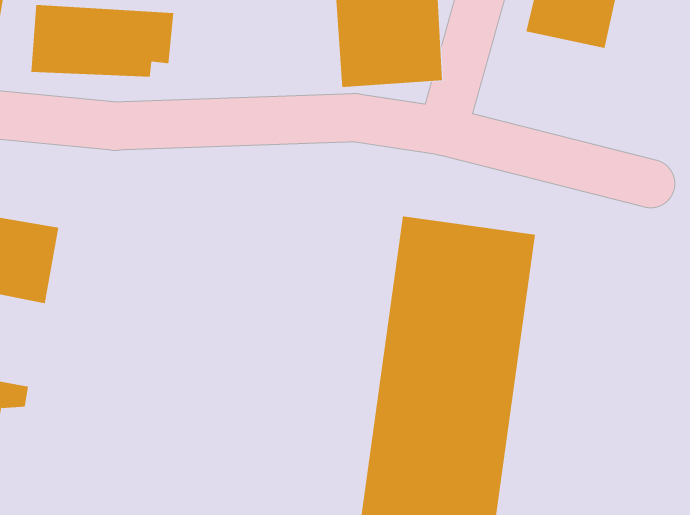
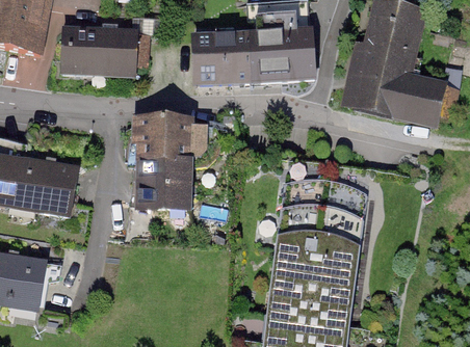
building: none -> [191,36,252,82]
building: none -> [351,47,458,125]
building: none -> [132,119,218,208]

